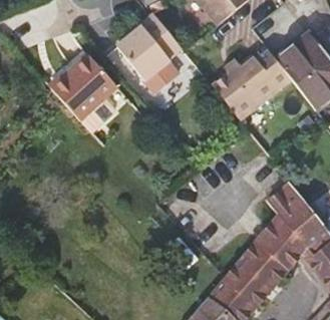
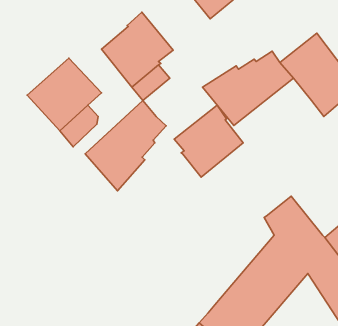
building: none -> [85,101,166,191]
building: none -> [174,105,243,177]

